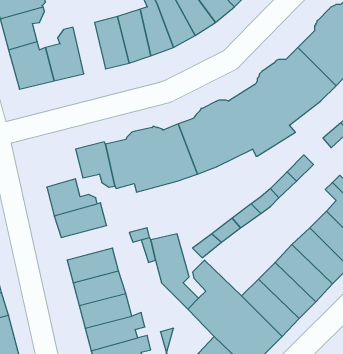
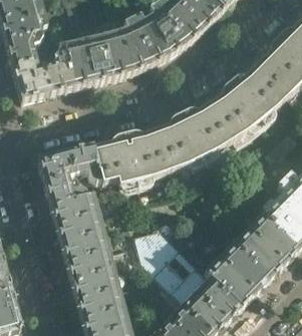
building: none -> [65,42,92,85]
building: none -> [36,148,73,181]
building: none -> [55,213,98,242]

